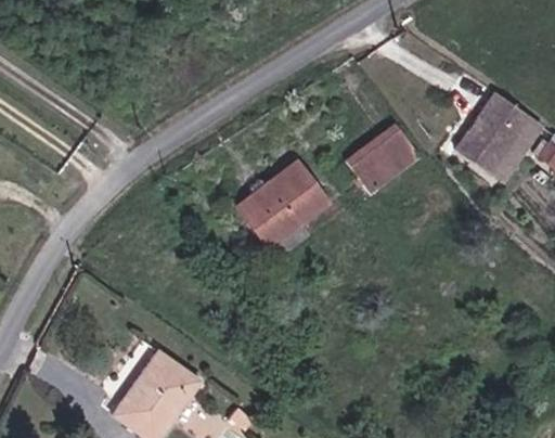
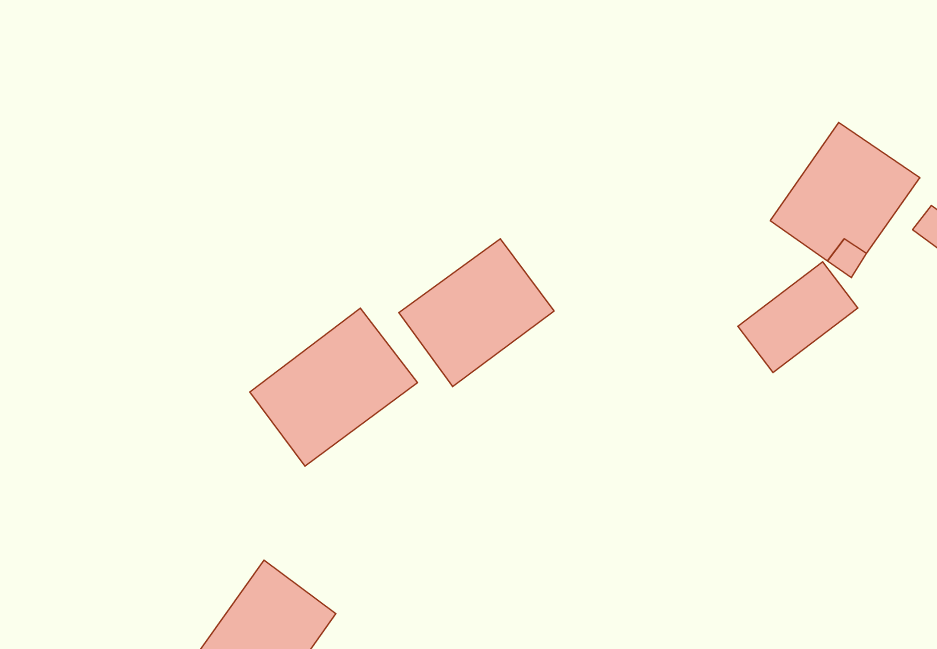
building: [348,126,418,191] -> [738,262,858,373]
building: none -> [250,308,417,466]

